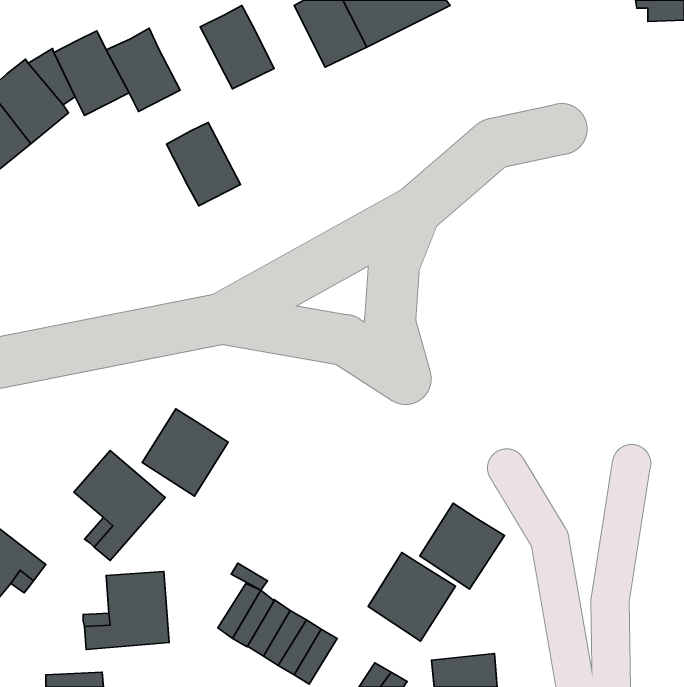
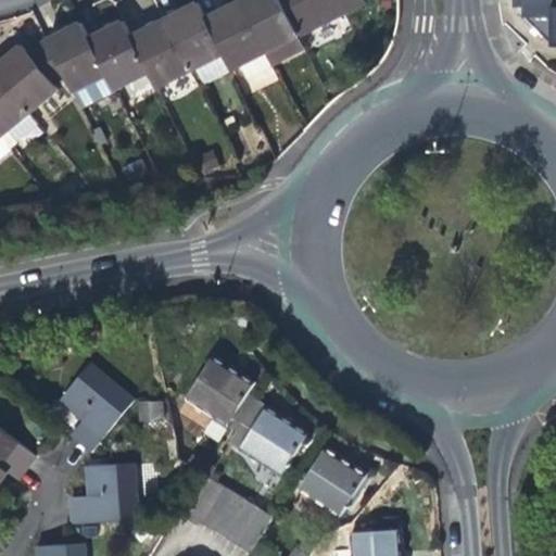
building: none -> [204,4,263,72]
building: [166,123,240,206] -> [128,22,188,89]
building: [142,409,228,496] -> [185,355,254,426]
building: [420,503,504,589] -> [239,406,307,476]

